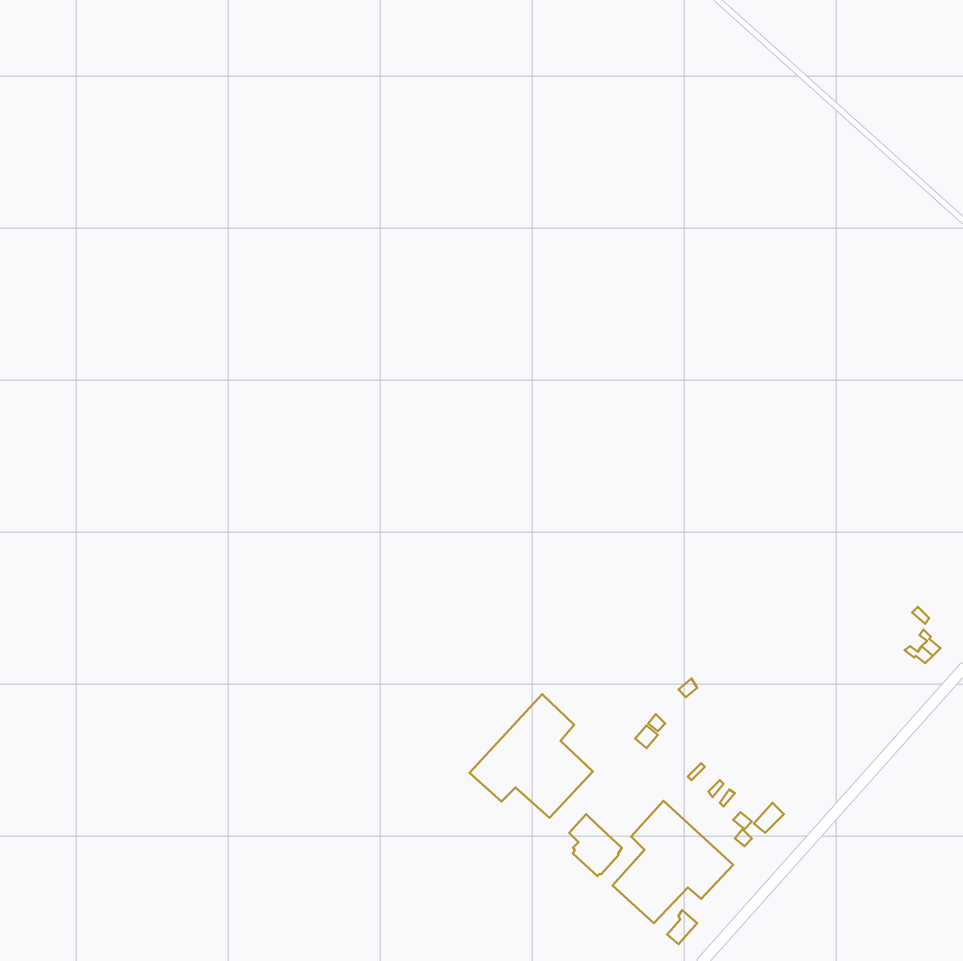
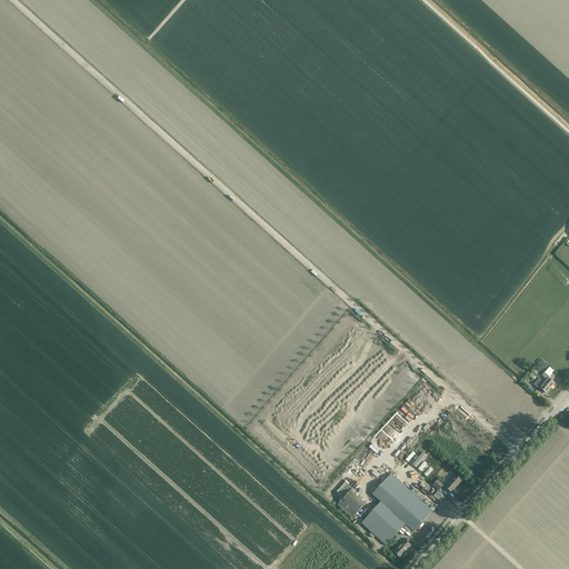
building: [469,694,593,818] -> none

